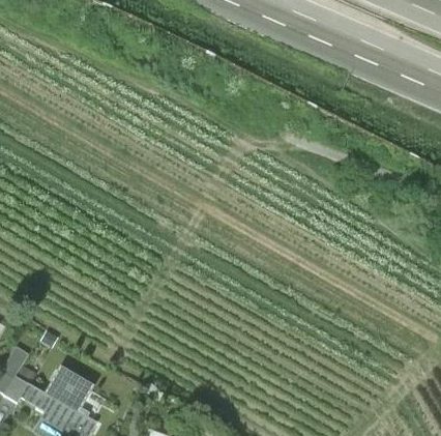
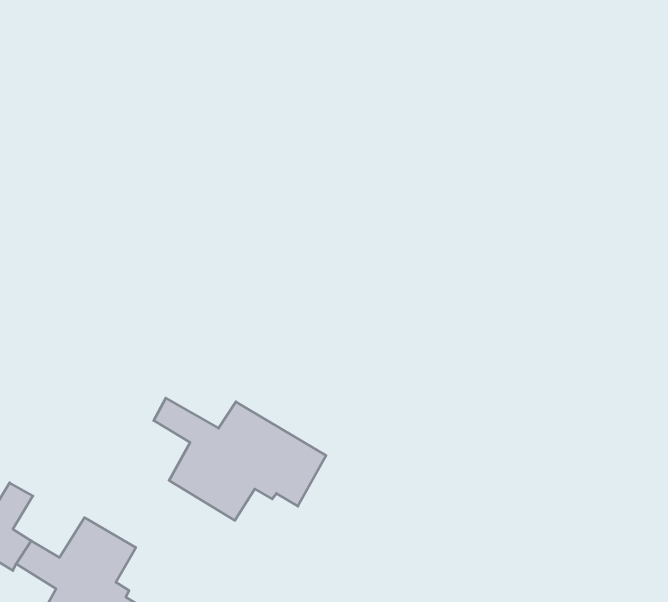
building: none -> [154,398,326,520]

